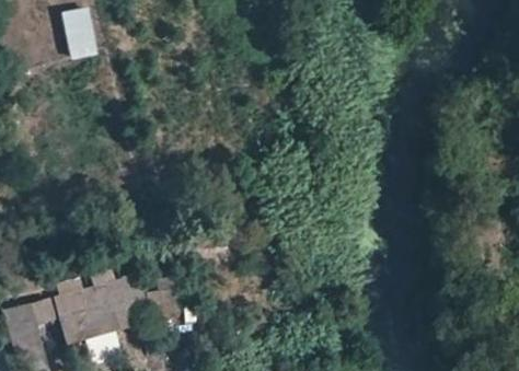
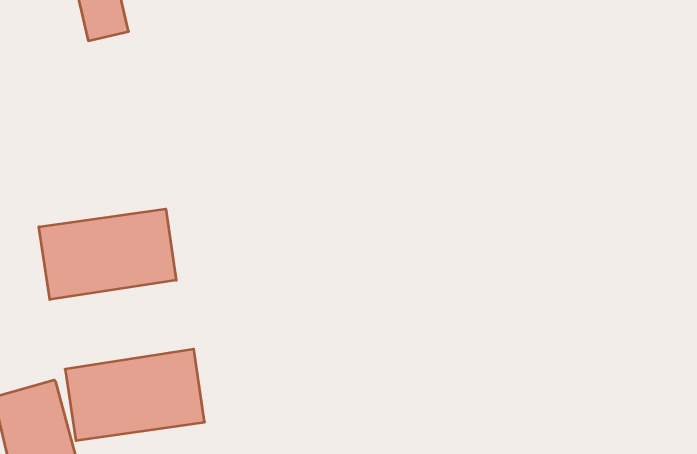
building: none -> [39,209,176,300]

